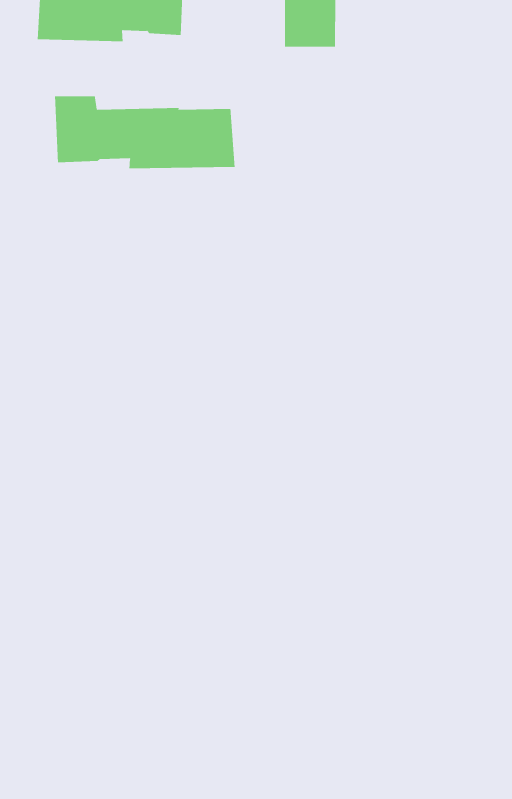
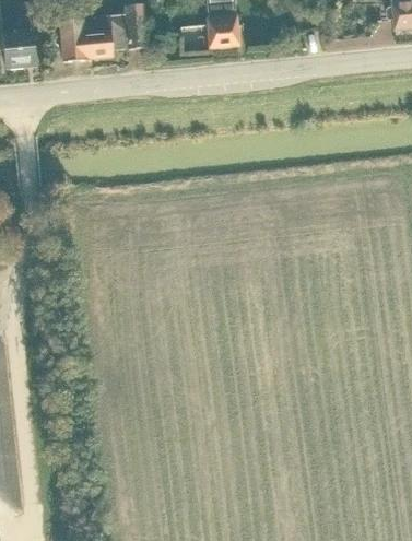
building: [54,96,235,169] -> none

